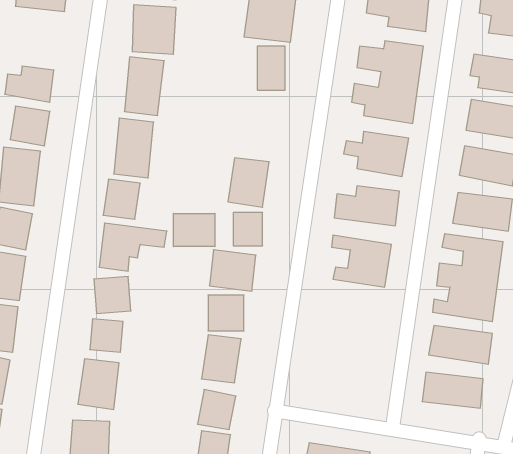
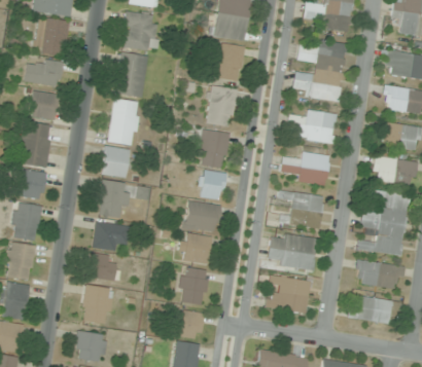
building: none -> [34,16,69,54]
building: none -> [204,85,237,126]
building: [173,213,215,247] -> none
building: none -> [267,233,318,270]
building: none -> [265,272,312,315]

